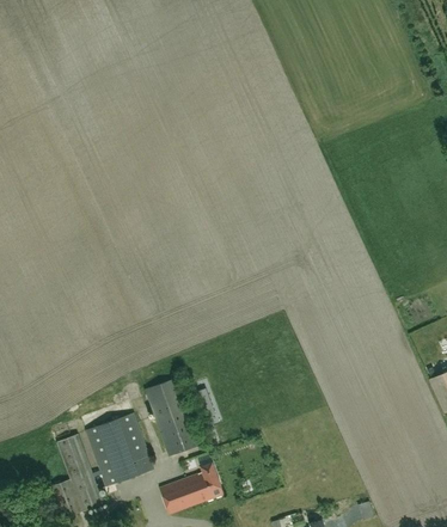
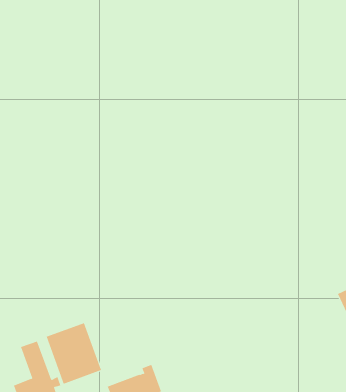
building: [145,378,198,455] -> none

